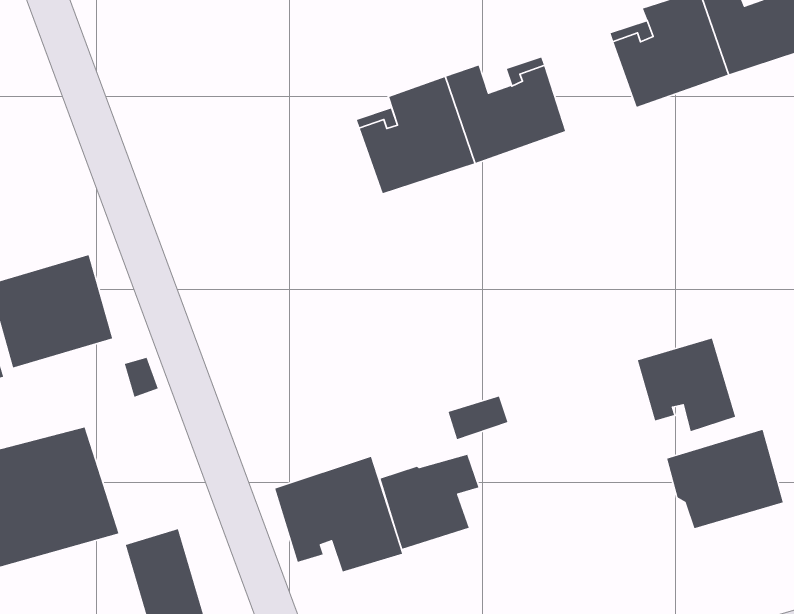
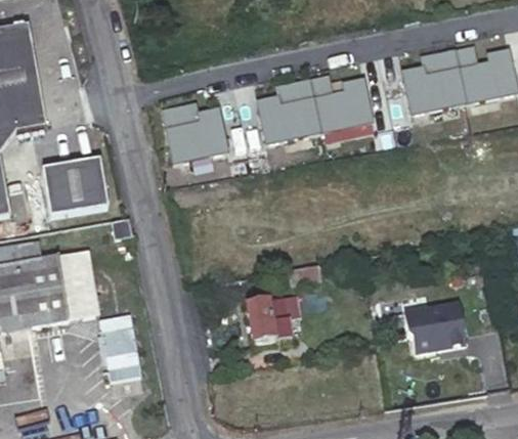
building: none -> [163,107,226,164]
building: [637,337,736,432] -> none
building: [274,456,403,573] -> none

